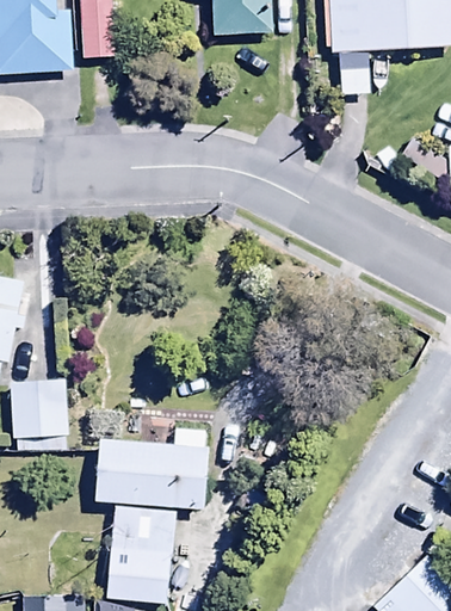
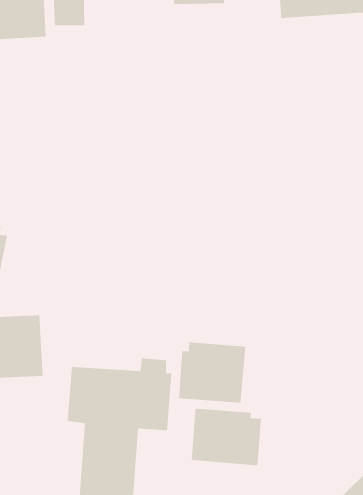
building: none -> [178,342,246,404]
building: none -> [191,408,262,466]

